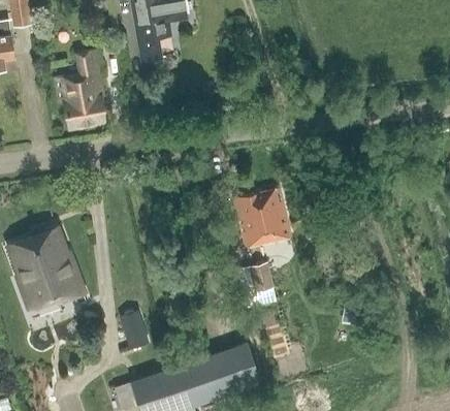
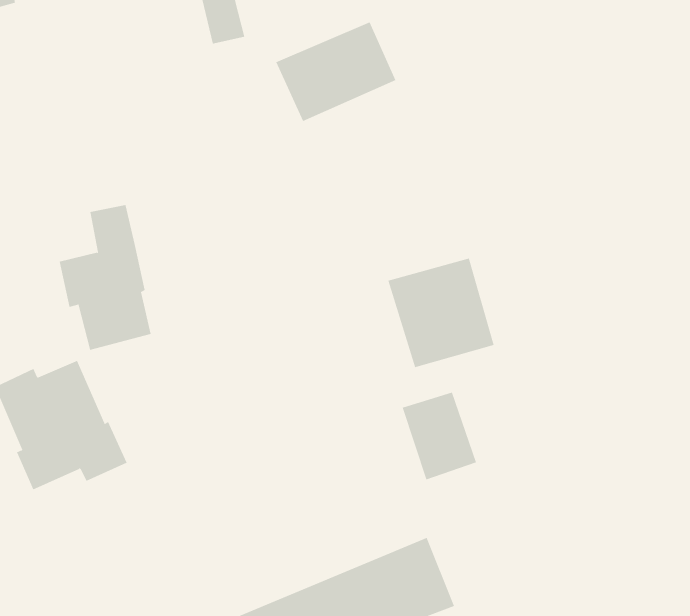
building: [55,49,104,129] -> [59,204,151,351]
building: none -> [275,21,396,122]
building: [122,311,150,349] -> none

